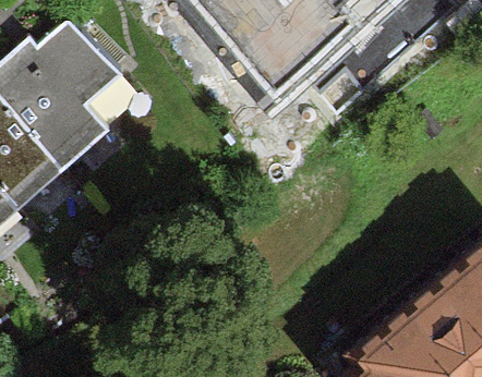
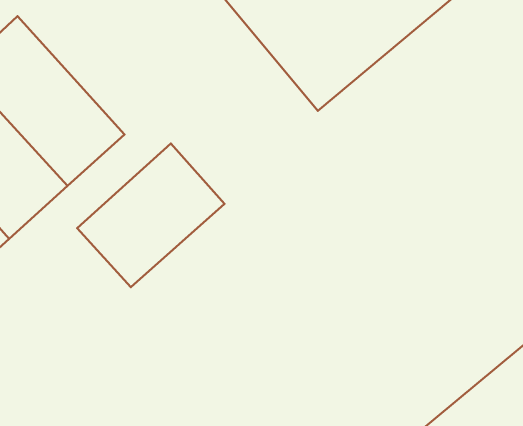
building: none -> [77,144,225,287]

